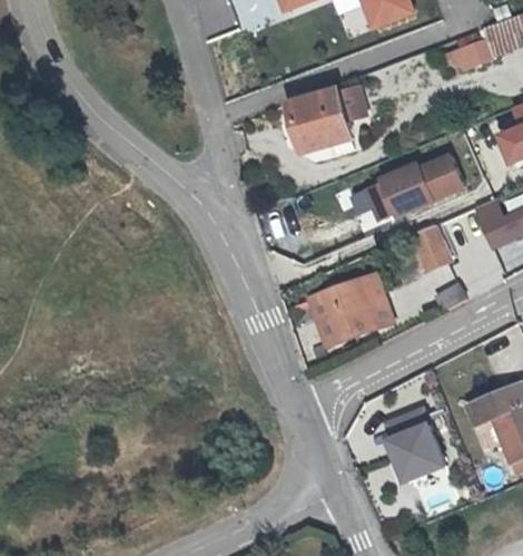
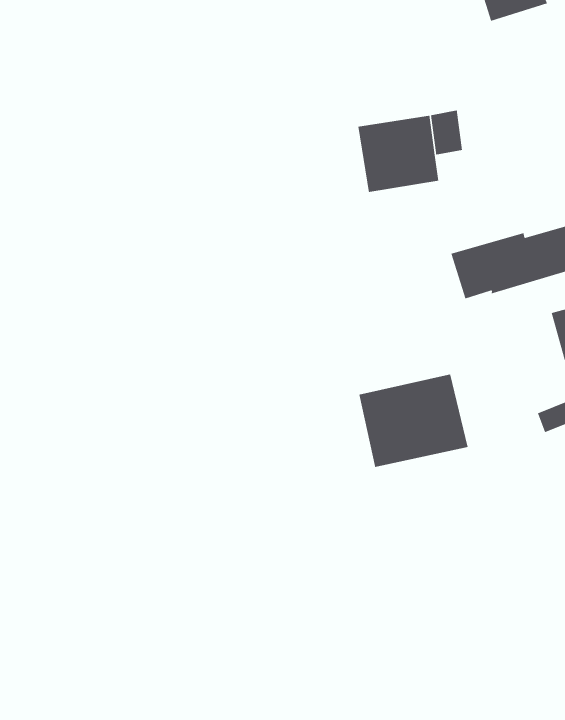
building: [406,224,445,272] -> none
building: [381,404,448,484] -> none

